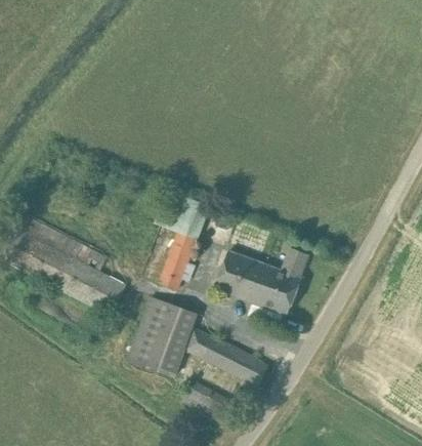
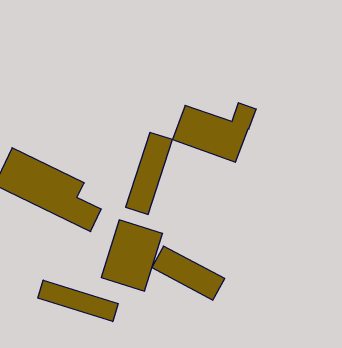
building: [214,248,309,316] -> [172,103,256,162]
building: none -> [38,280,118,322]

